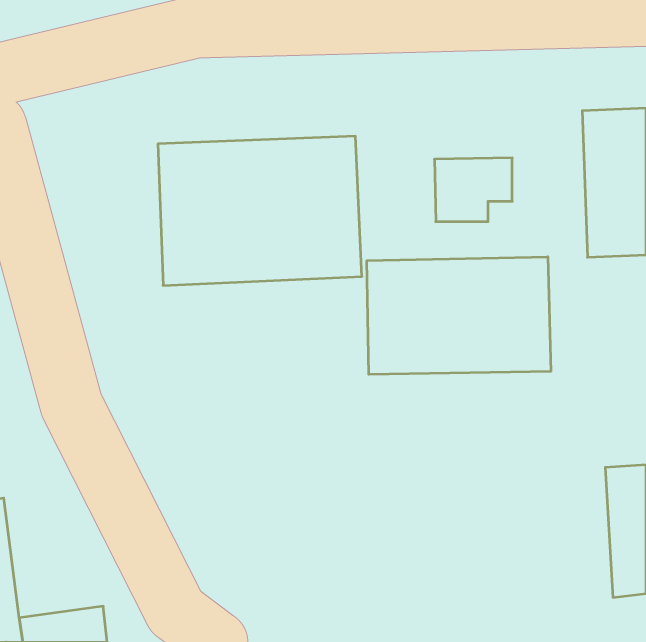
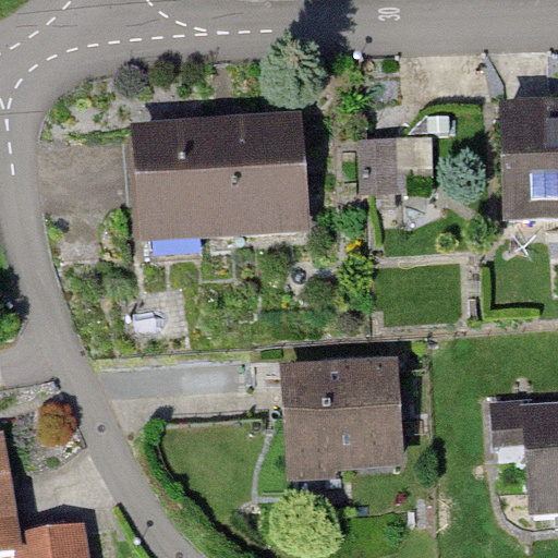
building: [367,257,551,374] -> none
building: none -> [278,357,404,469]

